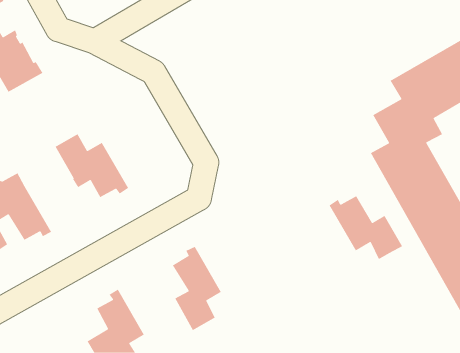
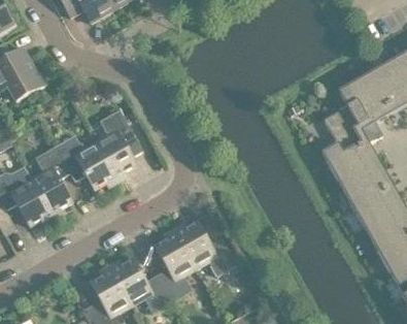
building: none -> [95,108,141,181]
building: none -> [30,145,72,218]
building: [329,195,403,260] -> [173,221,236,276]
building: none -> [108,258,171,312]

